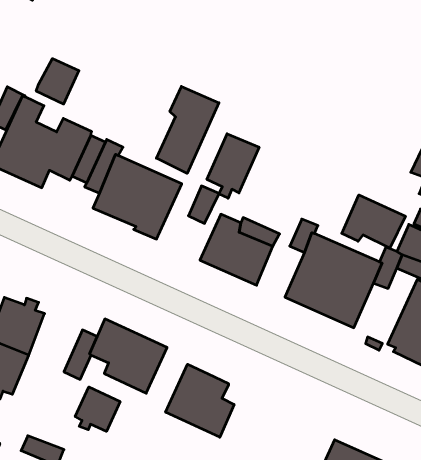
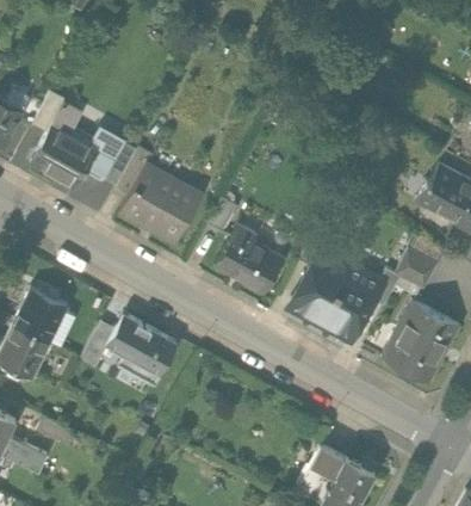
building: [36,59,79,104] -> none
building: [156,86,219,173] -> none
building: [207,134,259,198] -> none
building: [342,195,405,248] -> none
building: [166,364,234,437] -> none
building: [75,387,120,431] -> none

